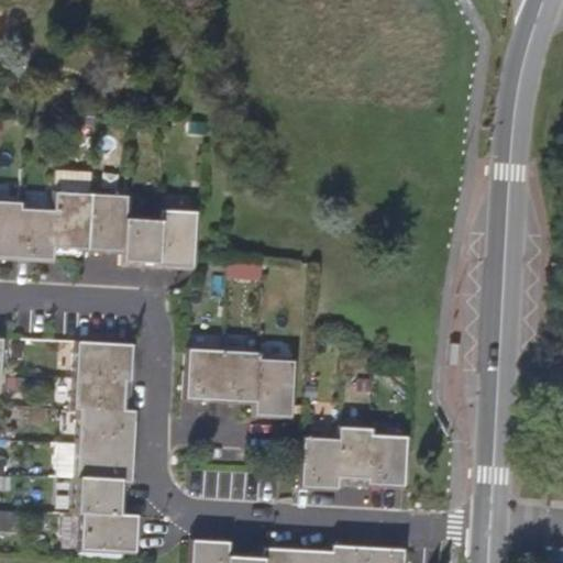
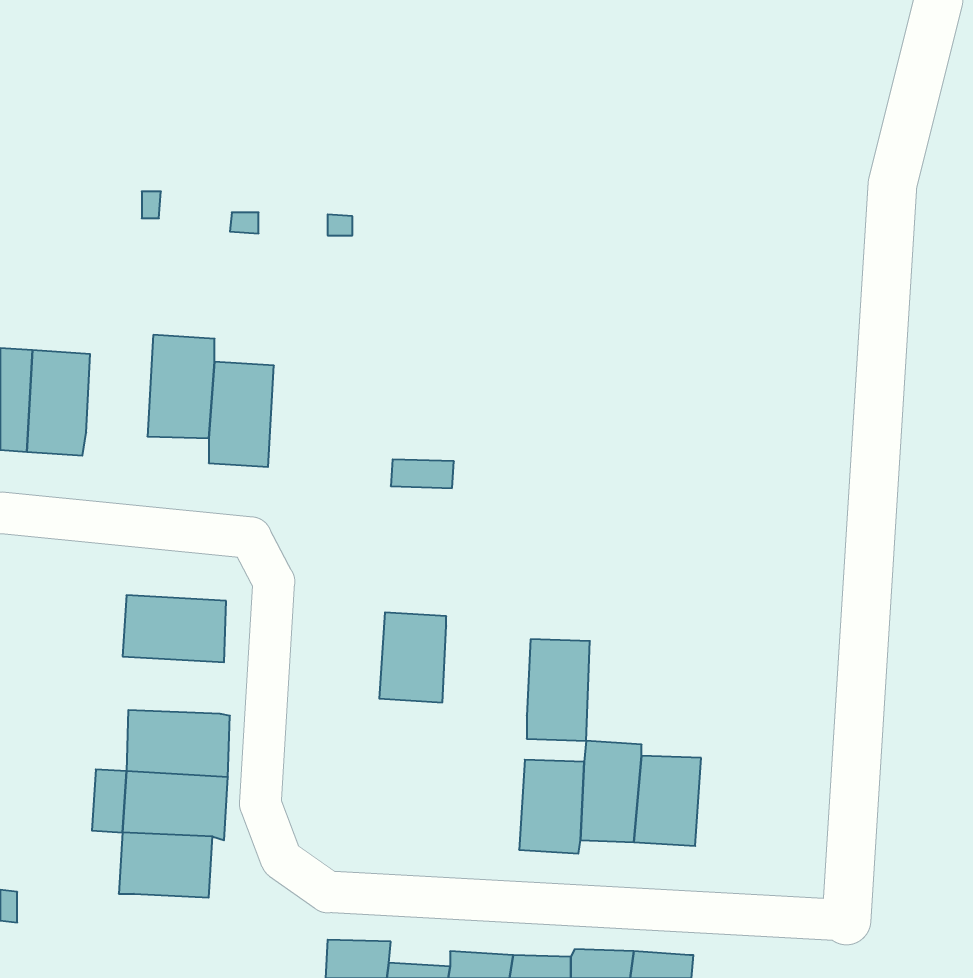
building: [53,173,92,251] -> none
building: [157,210,196,269] -> none
building: [185,350,224,401] -> none
building: [257,360,294,418] -> [527,639,590,741]
building: [73,377,132,410] -> none
building: [78,514,139,552] -> none

